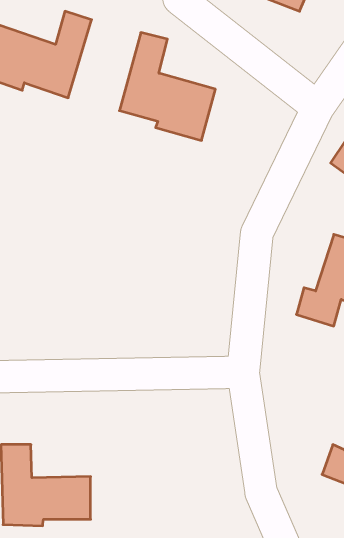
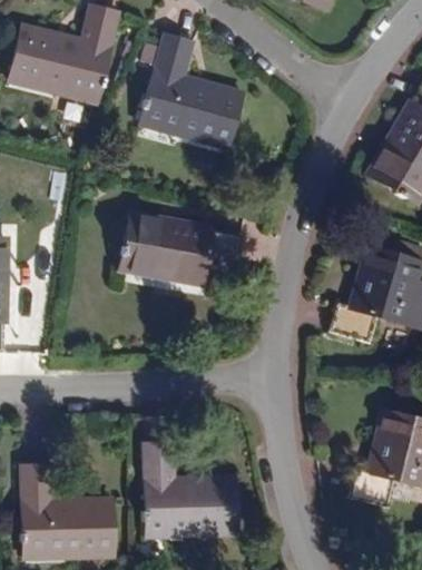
building: none -> [122,213,242,287]
building: none -> [145,442,241,530]

